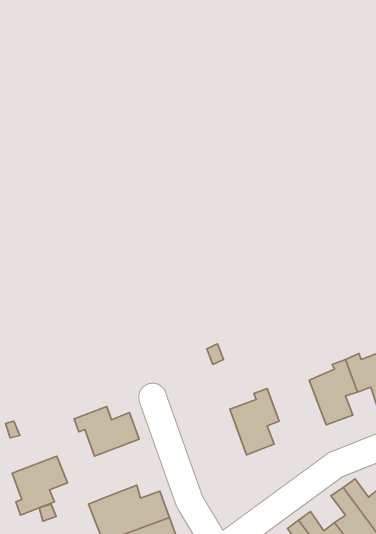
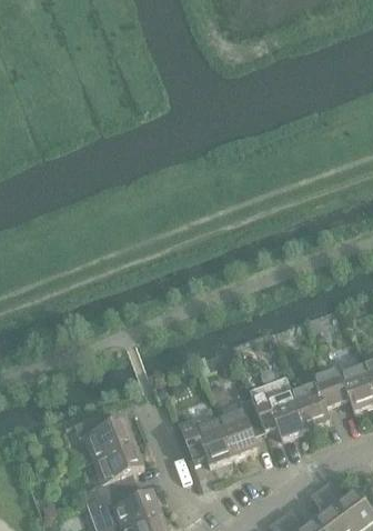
building: none -> [250,375,306,438]
building: none -> [179,414,233,465]
building: [12,456,68,515] -> [93,442,144,497]

